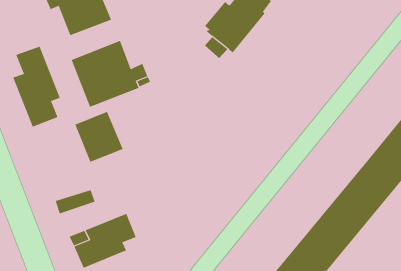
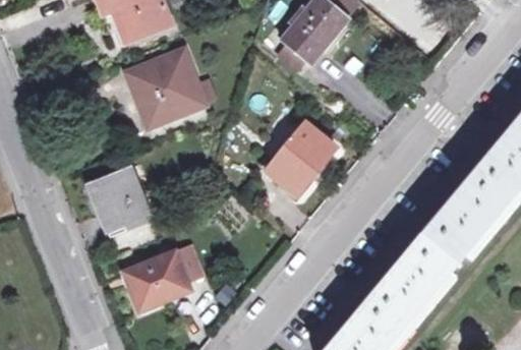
building: [12,46,61,128] -> none
building: none -> [268,123,336,194]
building: [75,111,123,163] -> [92,170,148,229]

